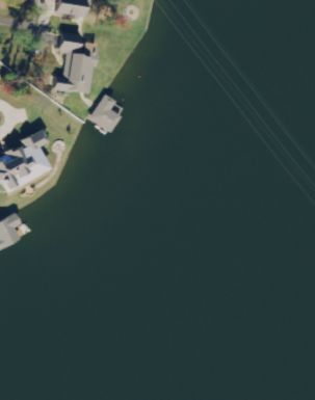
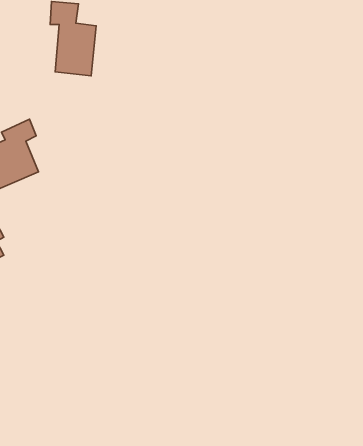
building: [91,94,121,131] -> none

